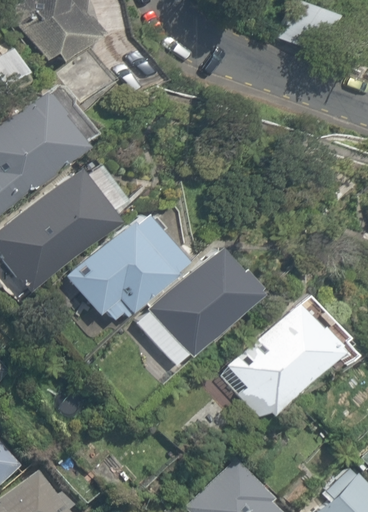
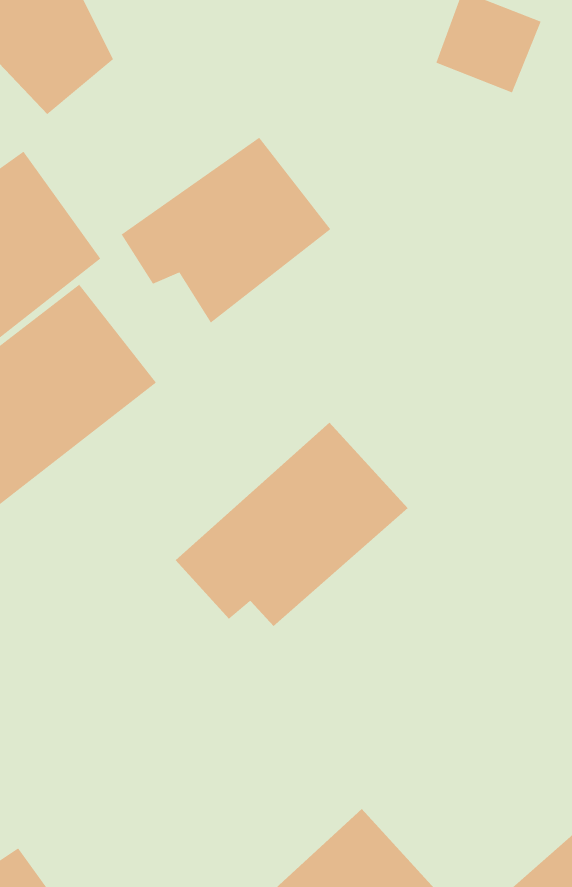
building: none -> [121,137,331,324]
building: [68,210,189,320] -> none
building: [220,300,340,416] -> none

